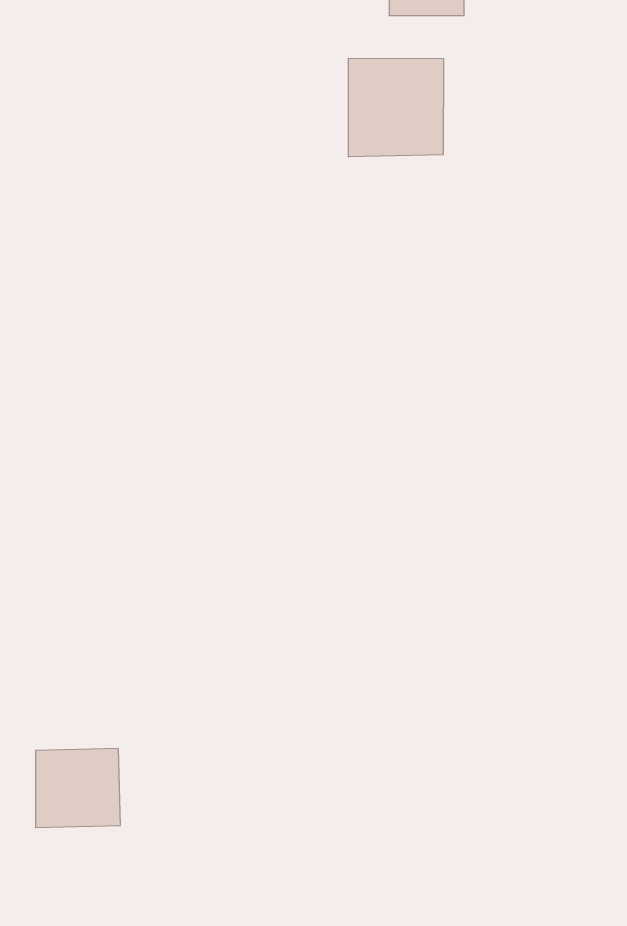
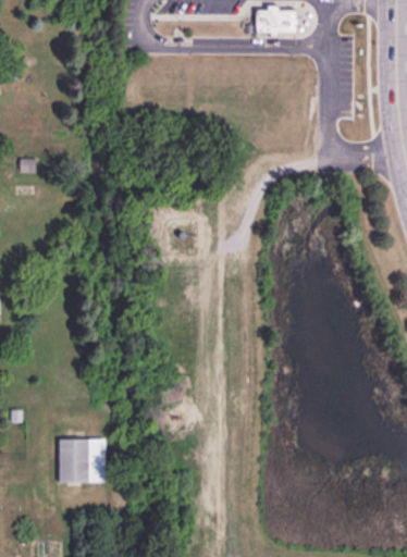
building: [349,58,443,157] -> none

